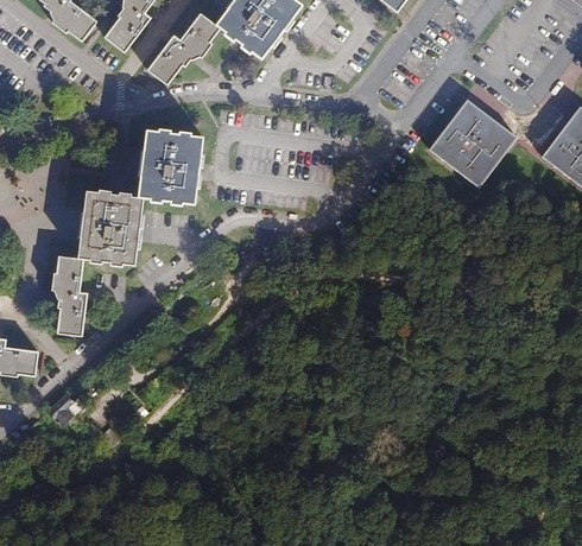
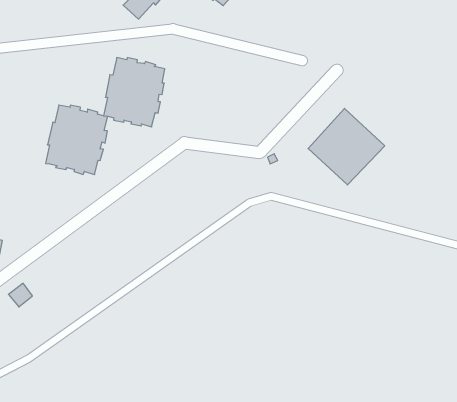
building: [429,99,515,185] -> [308,108,385,185]
building: [51,255,87,335] -> none

